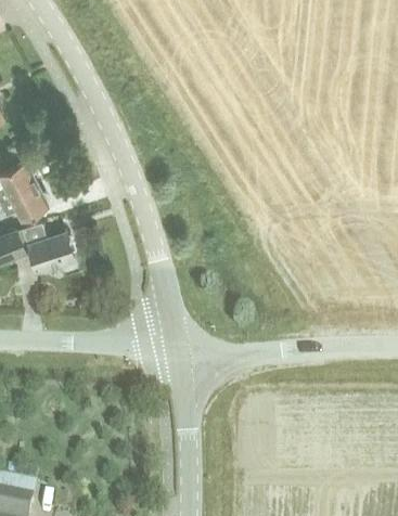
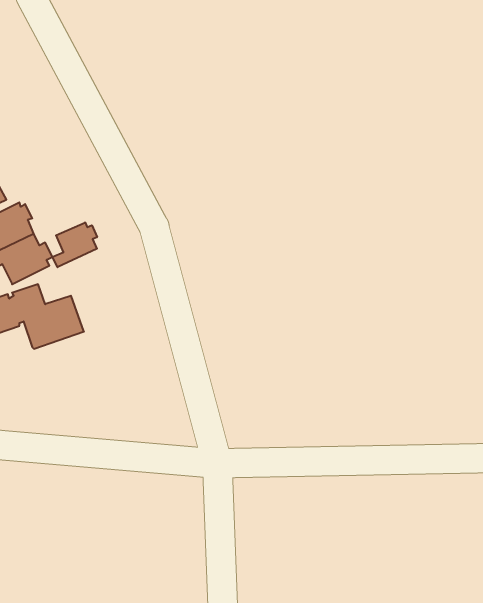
building: none -> [52,222,97,267]

